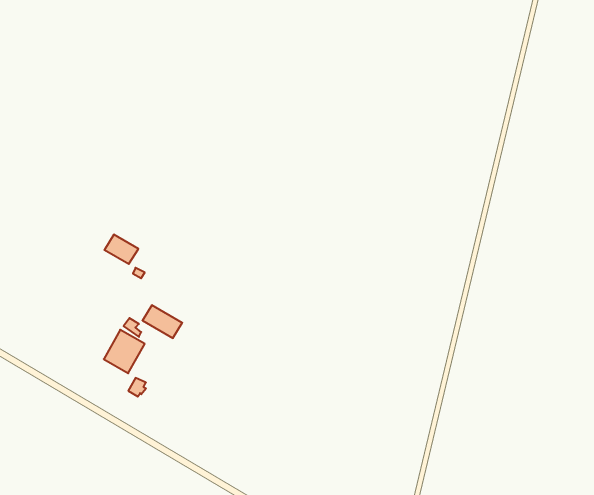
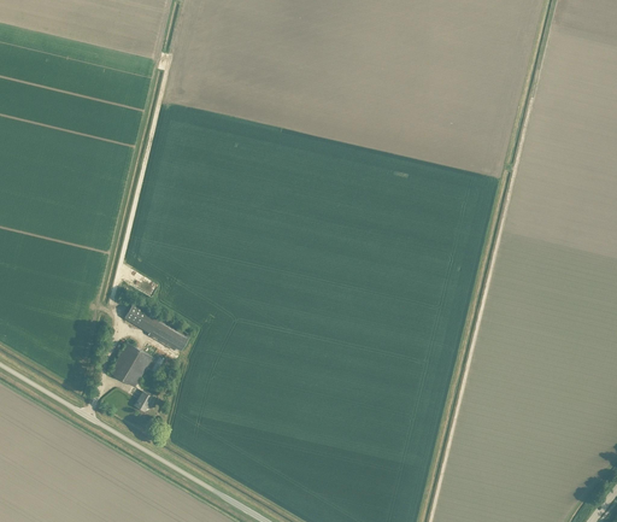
building: [104,235,138,264] -> [123,304,158,334]

